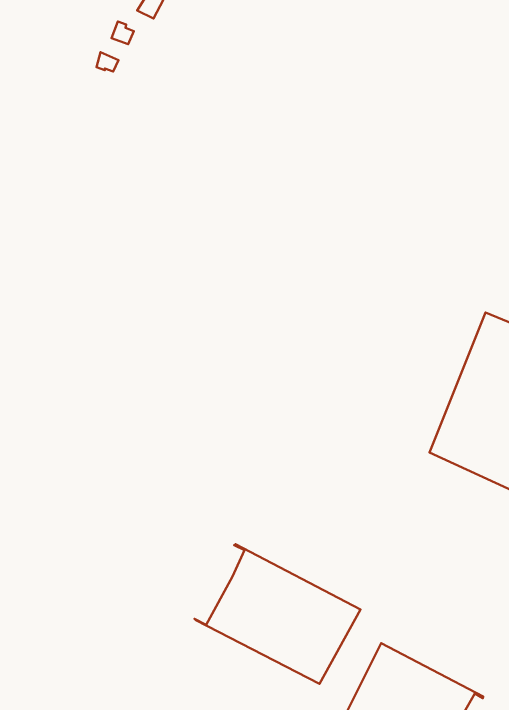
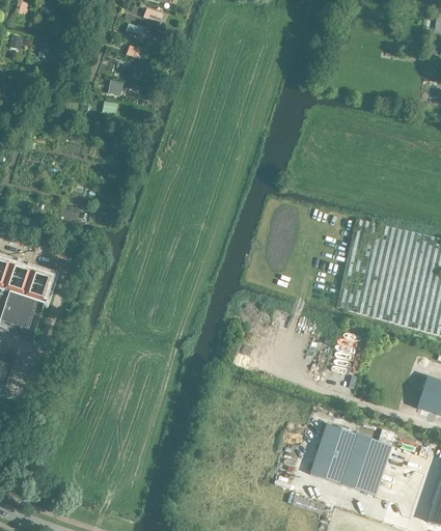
building: [194,544,361,684] -> none

